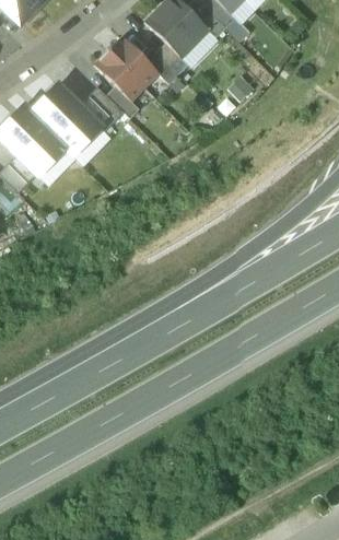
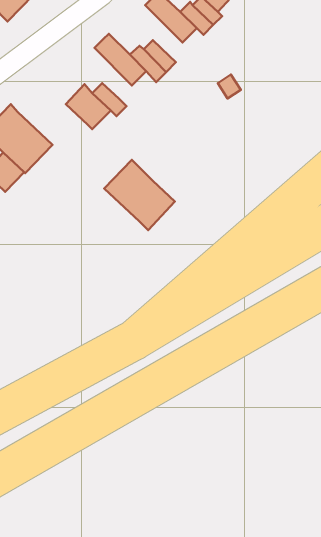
building: [144,8,196,58] -> none
building: [94,50,145,101] -> none
building: [32,85,102,155] -> [104,160,175,230]

